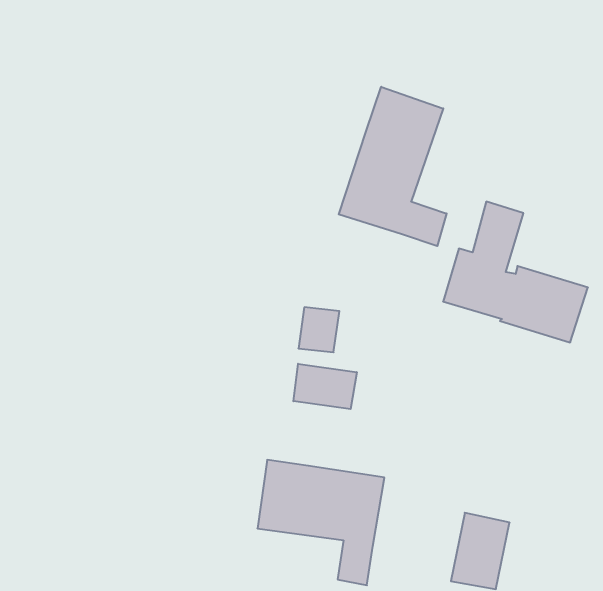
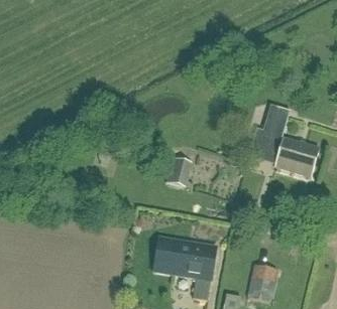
building: [339,87,447,246] -> none
building: [293,364,357,409] -> none

